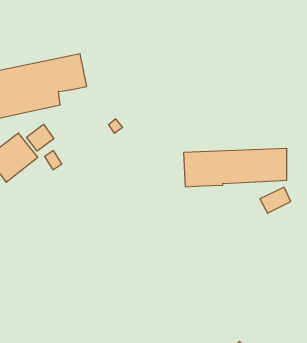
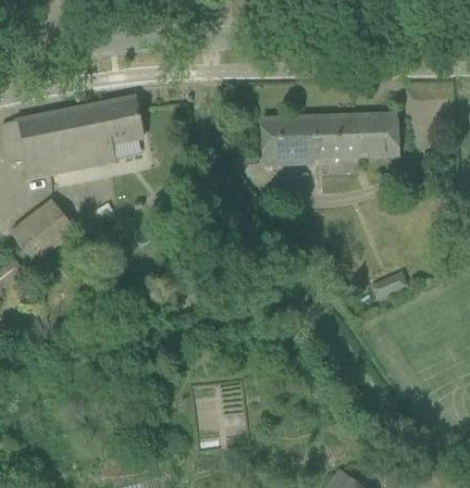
building: [26,124,54,151] -> none
building: [184,148,287,187] -> [262,112,397,162]

